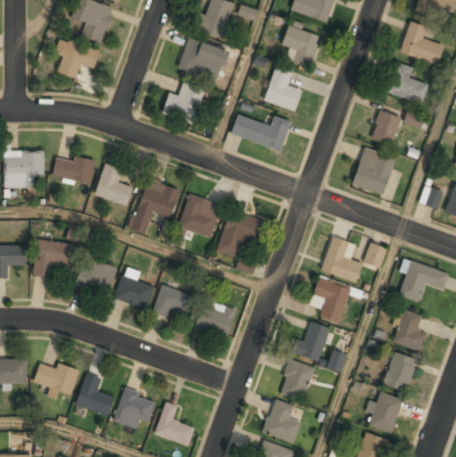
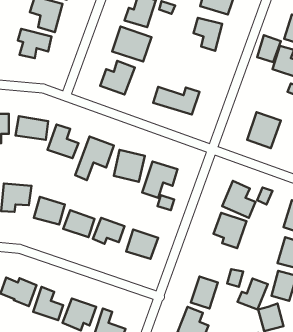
building: [264,65,301,111] -> none
building: [370,111,401,145] -> [257,35,281,62]
building: [291,322,330,363] -> [237,278,268,310]

